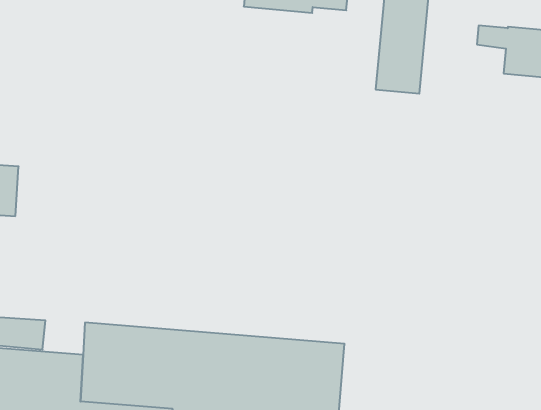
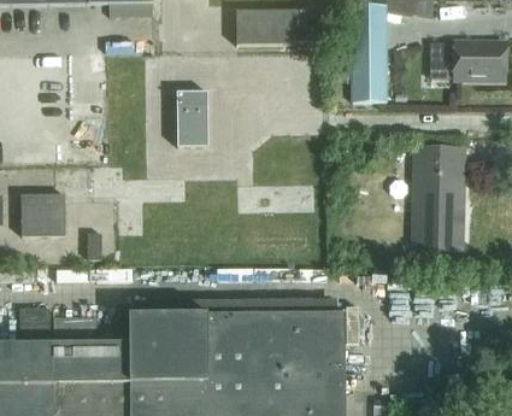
building: none -> [177,90,208,146]
building: none -> [414,147,464,248]

